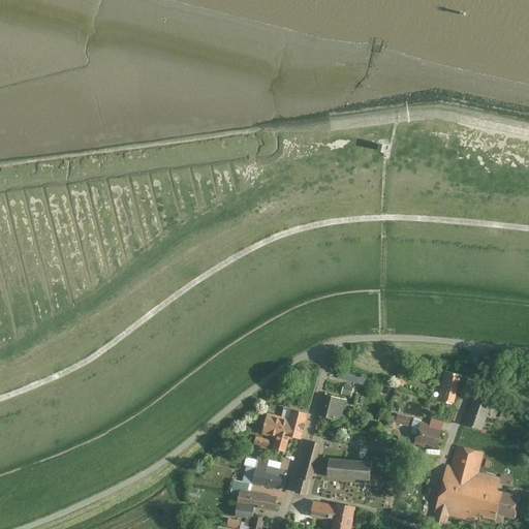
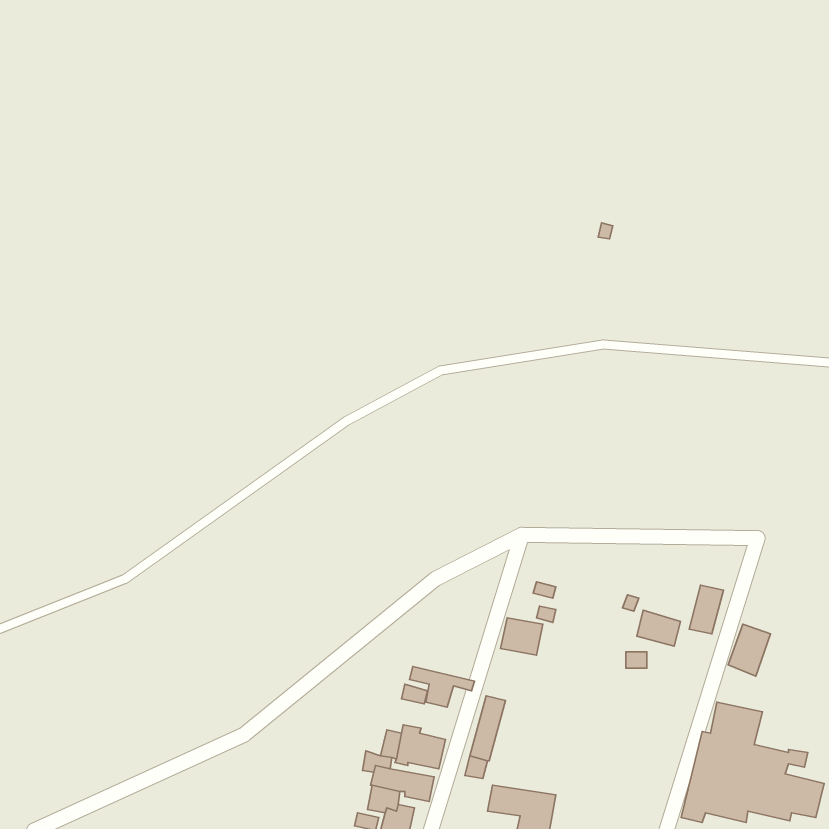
building: [262,407,307,434] -> none
building: [413,422,441,444] -> [637,610,681,646]
building: [326,457,371,478] -> none

